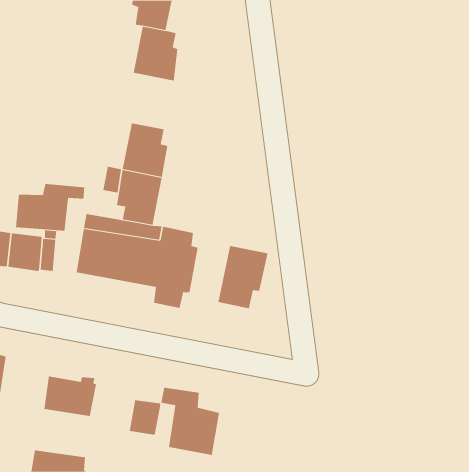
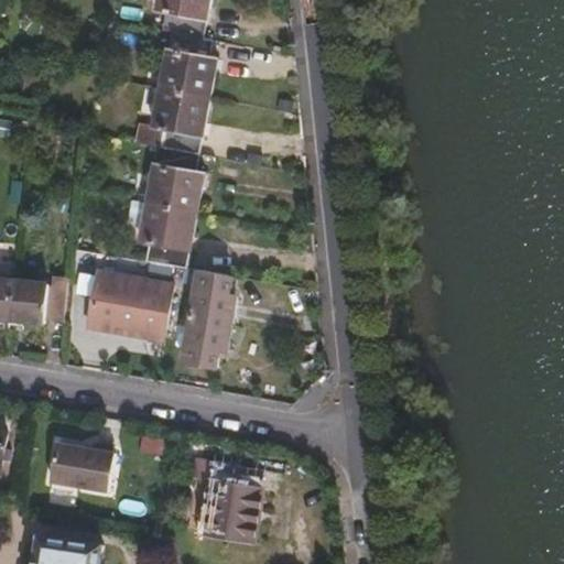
building: none -> [151,87,208,154]
building: [16,183,85,232] -> none
building: [218,245,268,309] -> none
building: [129,399,161,435] -> none

